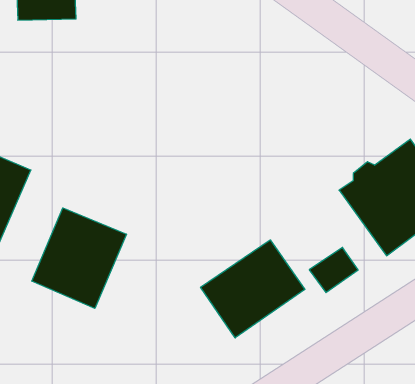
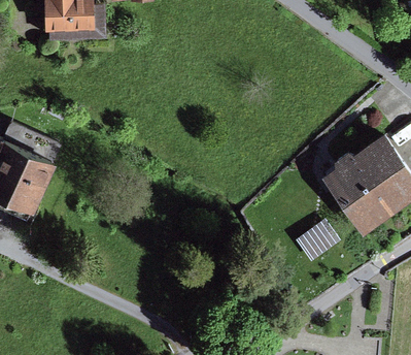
building: [32,208,126,308] -> none
building: [201,240,305,338] -> none

